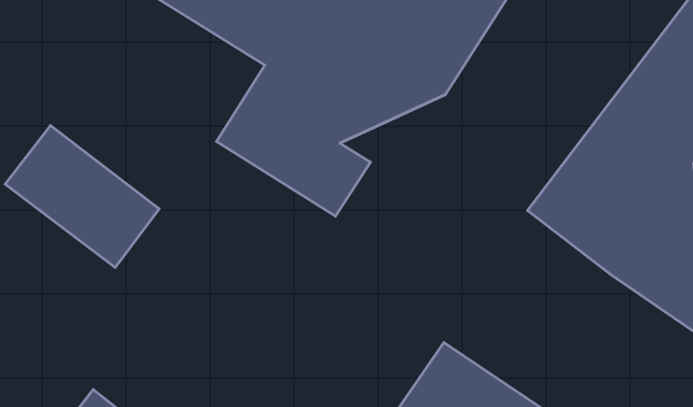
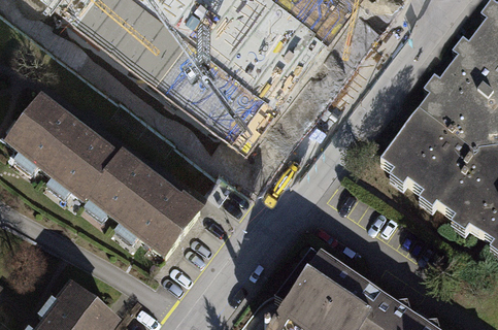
building: none -> [90,154,201,253]

